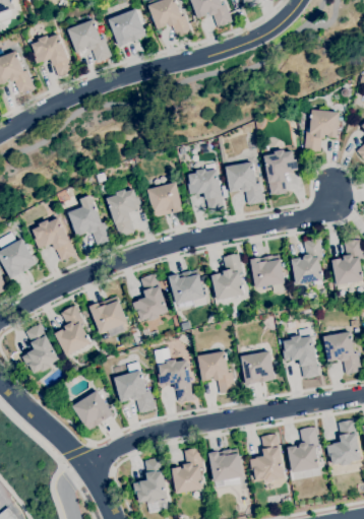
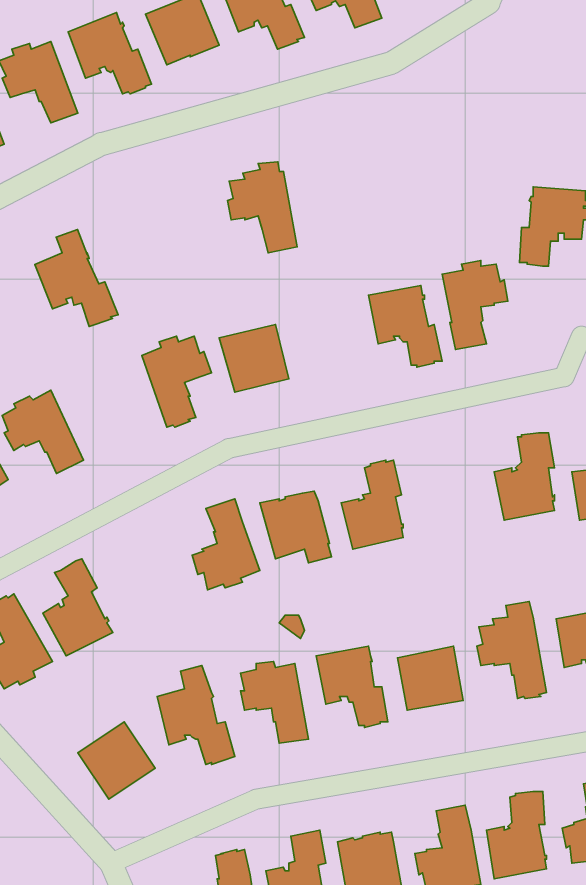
building: [188,165,225,212] -> [227,162,297,253]
building: [69,195,113,246] -> [35,229,118,326]
building: [250,255,285,288] -> none
building: [89,297,128,338] -> none

